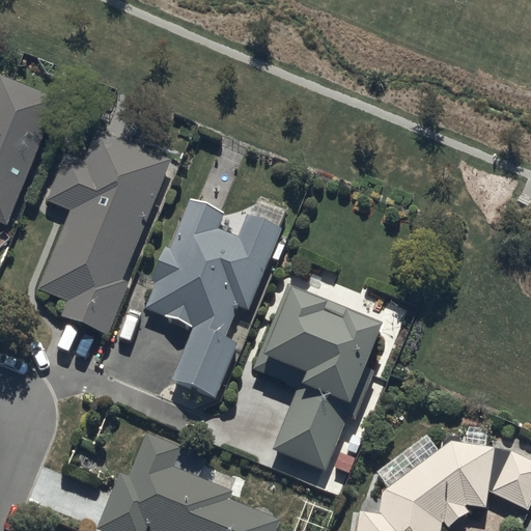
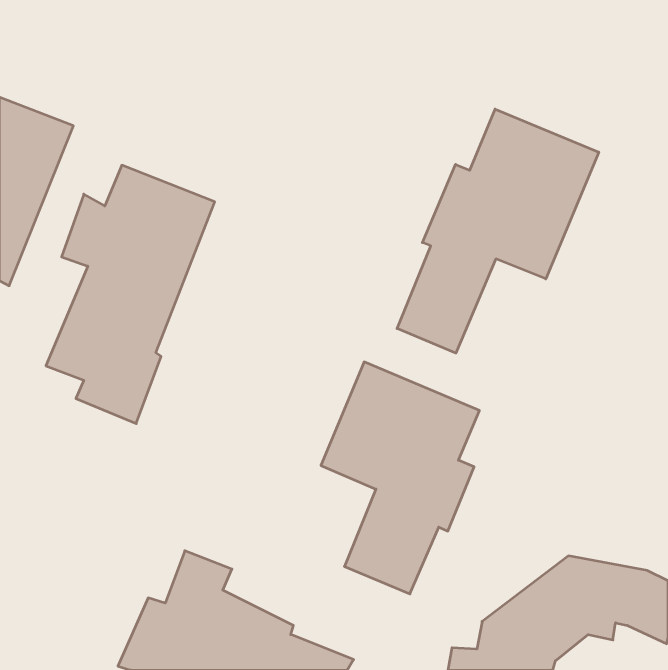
building: none -> [397,109,599,353]
building: [145,198,281,397] -> none

